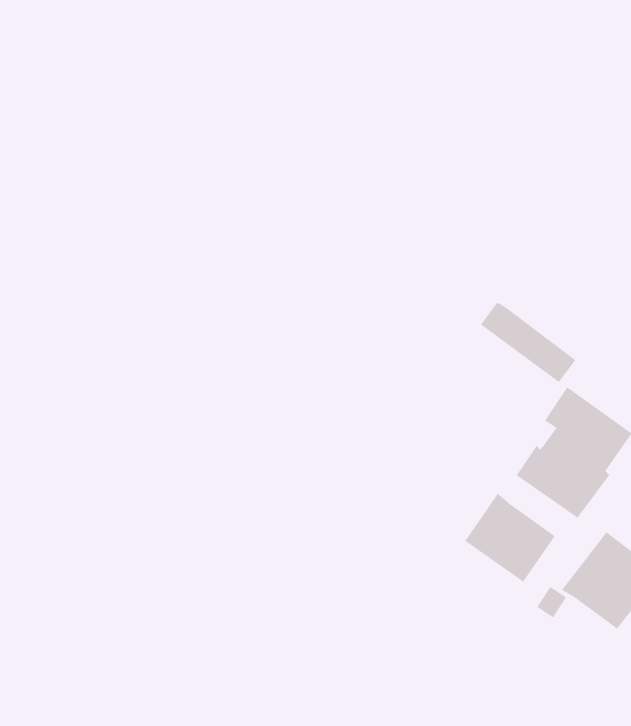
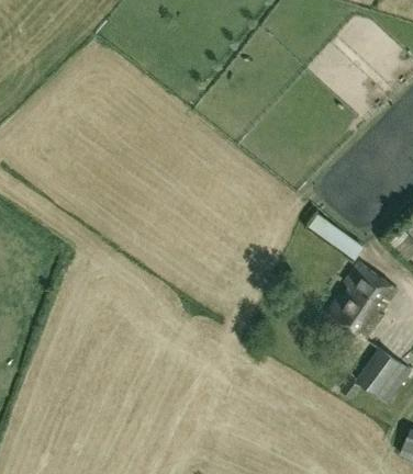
building: [464,493,556,583] -> none

